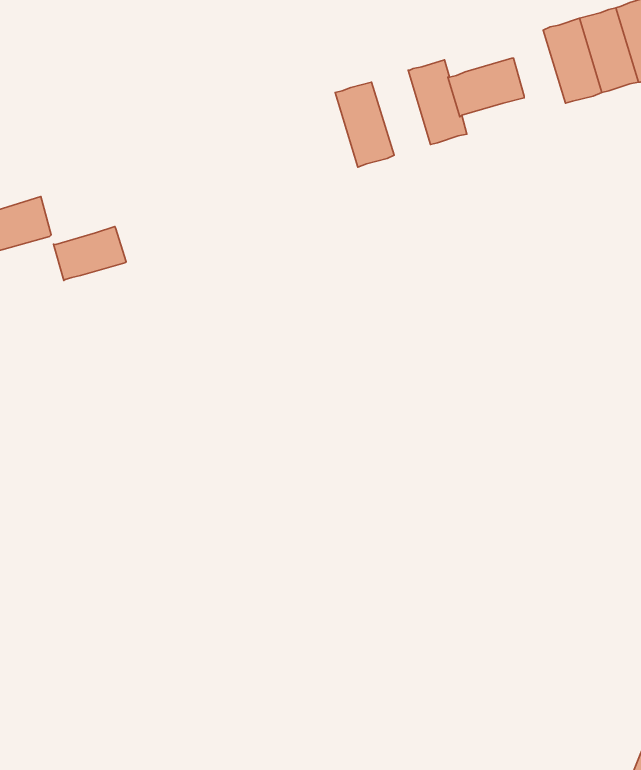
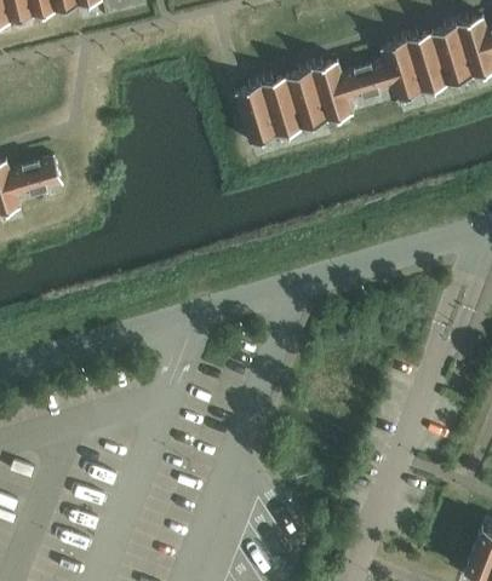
building: none -> [381,42,423,102]
building: none -> [287,70,328,130]
building: none -> [236,86,278,145]
building: [54,226,126,280] -> none

